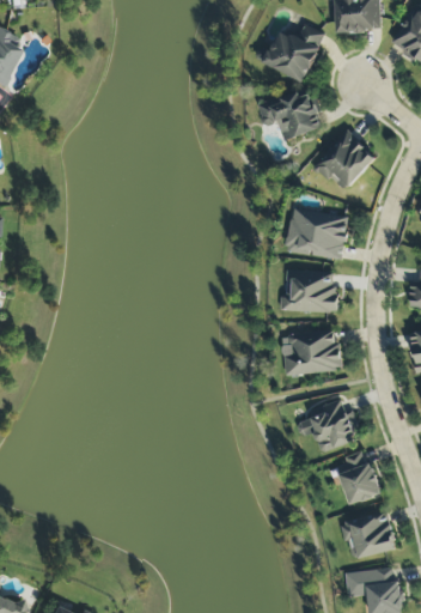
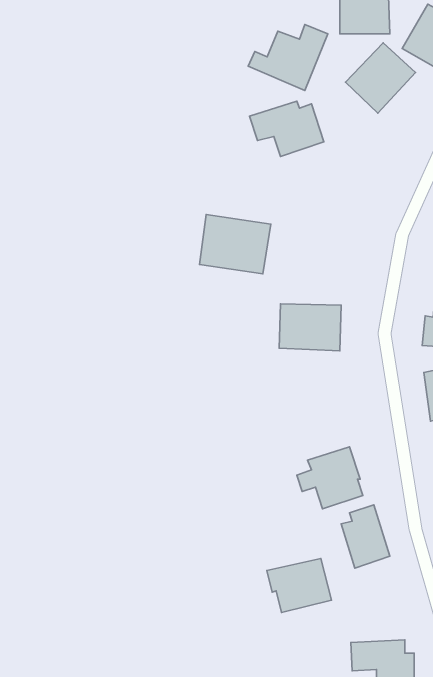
building: [316,131,378,193] -> [345,43,416,113]
building: [287,207,350,260] -> [199,215,271,274]
building: [282,328,344,376] -> none
building: [341,511,398,559] -> [267,558,331,612]

